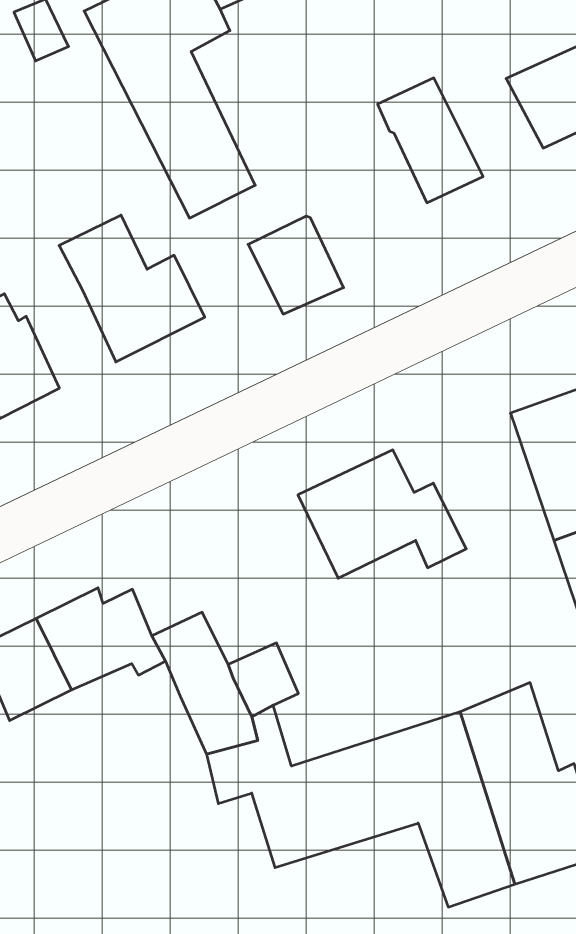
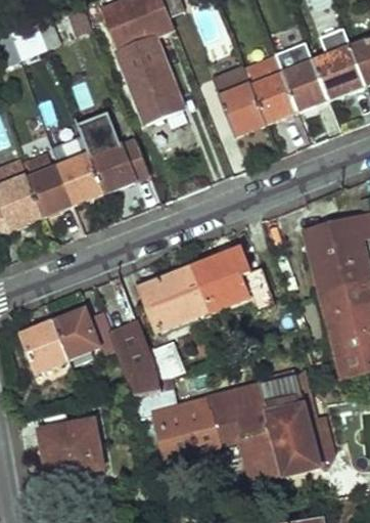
building: none -> [275,44,329,111]
building: [248,216,344,314] -> [221,84,268,133]
building: none -> [59,154,103,203]
building: none -> [140,266,209,331]
building: none -> [37,421,101,476]

